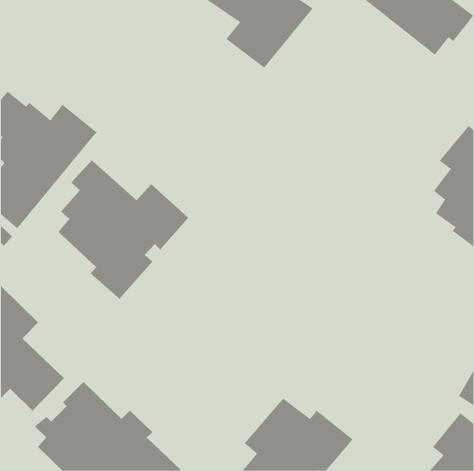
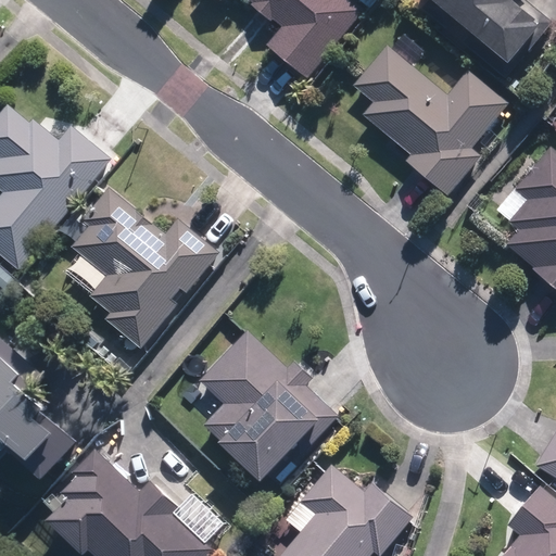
building: none -> [353,45,508,200]
building: none -> [181,329,341,486]

